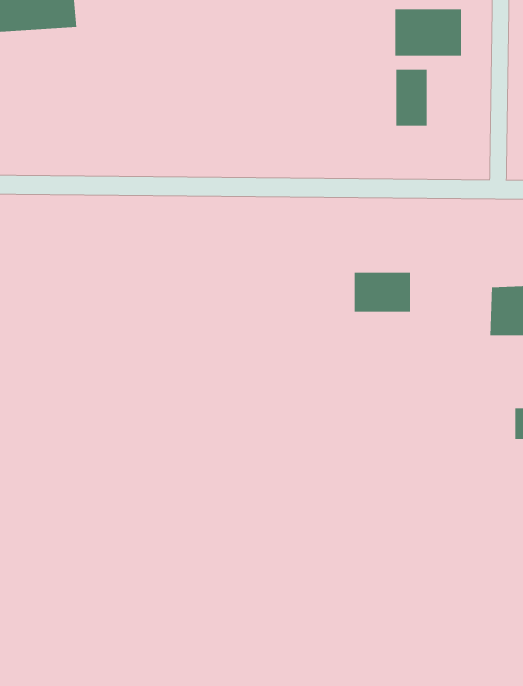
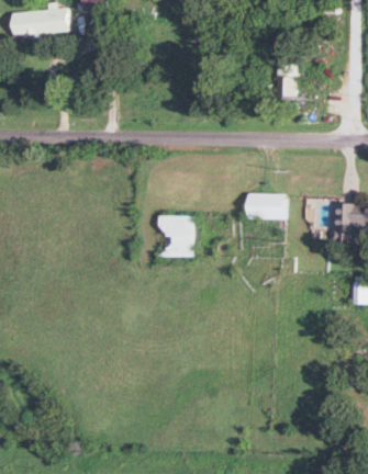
building: [395,9,462,57] -> none
building: none -> [160,215,196,257]

